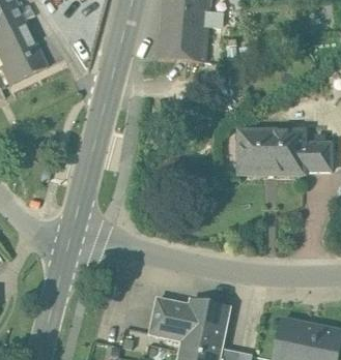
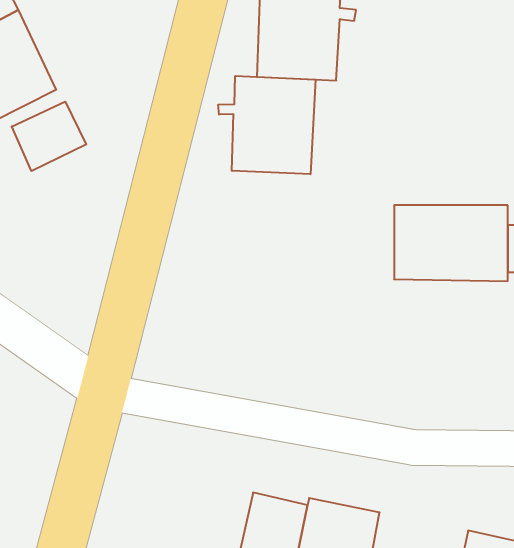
building: none -> [218,76,316,174]
building: none -> [12,102,86,171]

